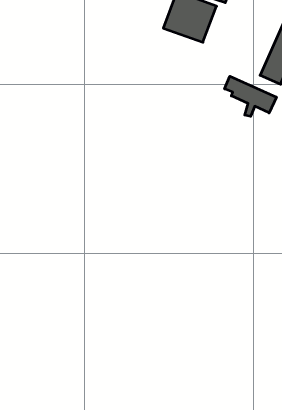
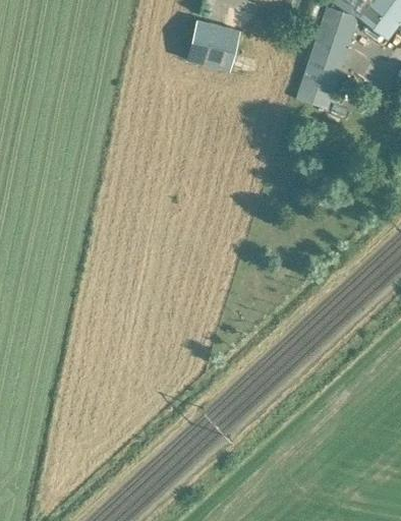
building: [225,76,276,116] -> none

